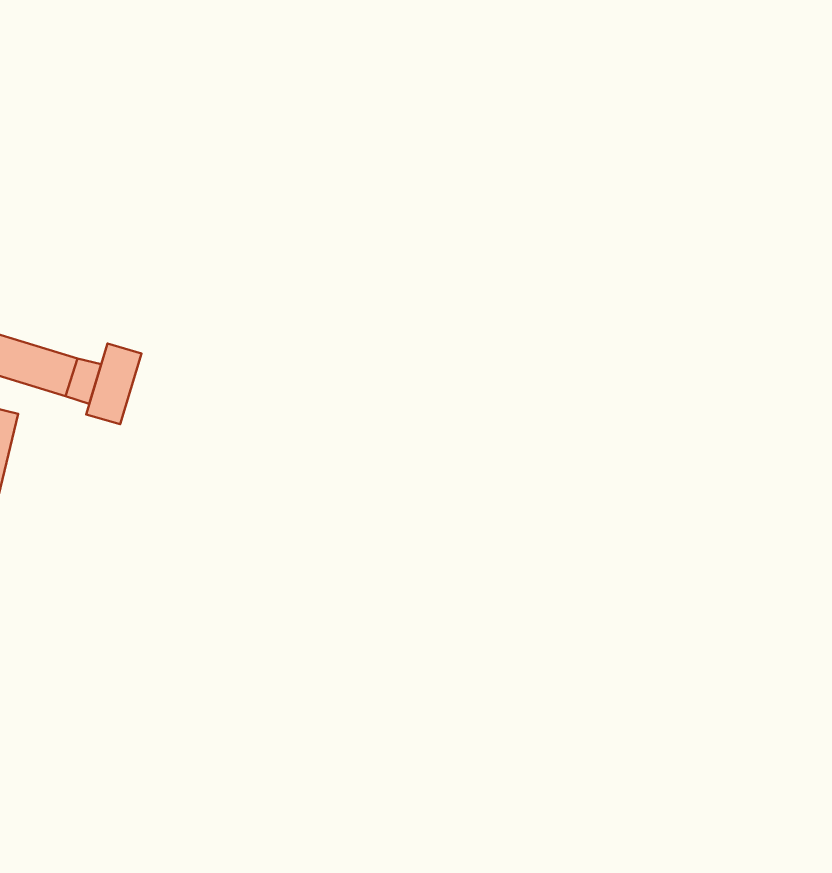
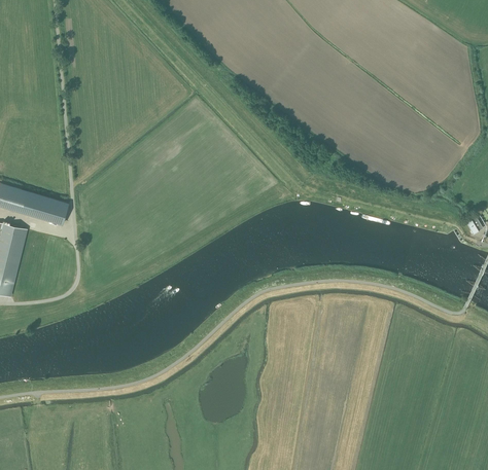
building: [86,344,141,424] -> none

